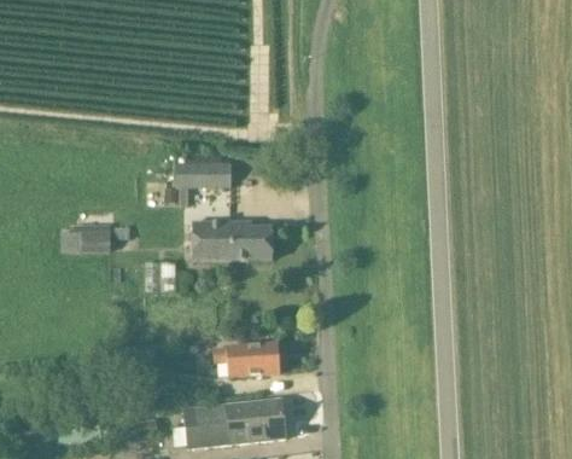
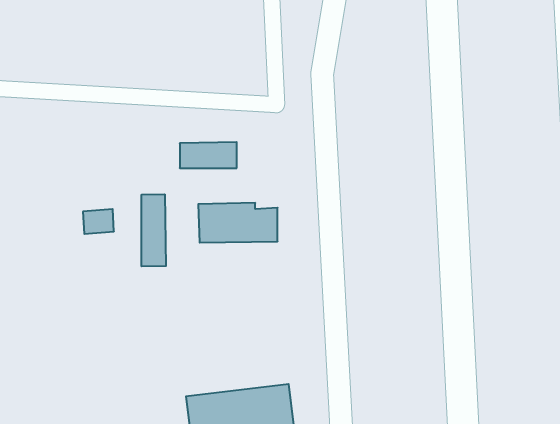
building: none -> [142,194,166,266]
building: [214,343,280,377] -> none

